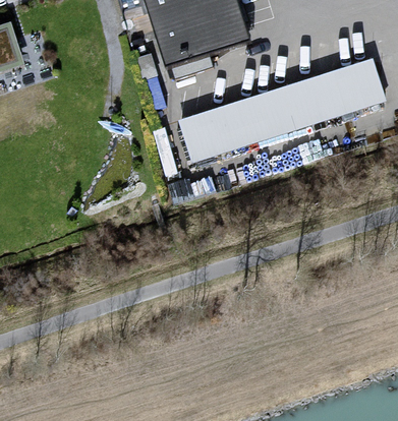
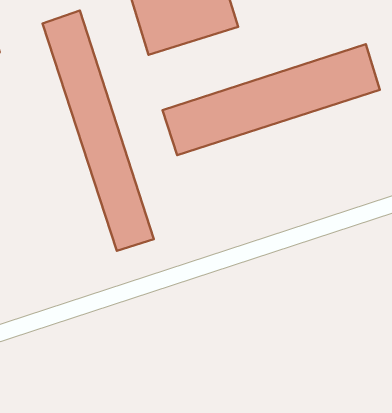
building: none -> [43,10,154,251]

